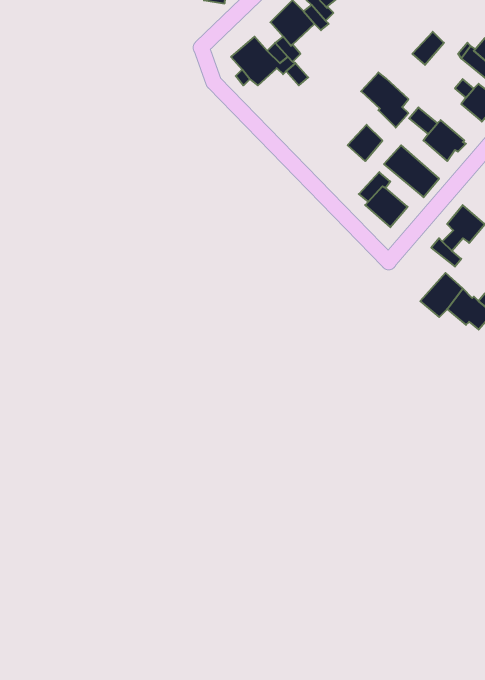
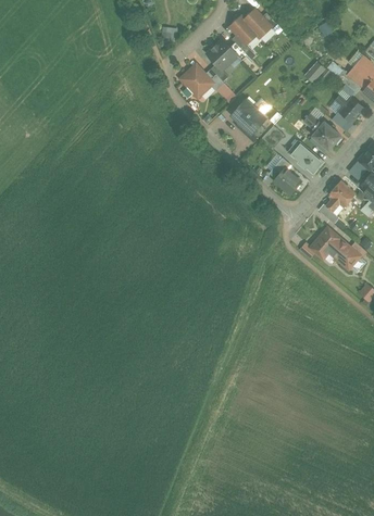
building: [361,72,408,128] -> [232,101,264,139]

